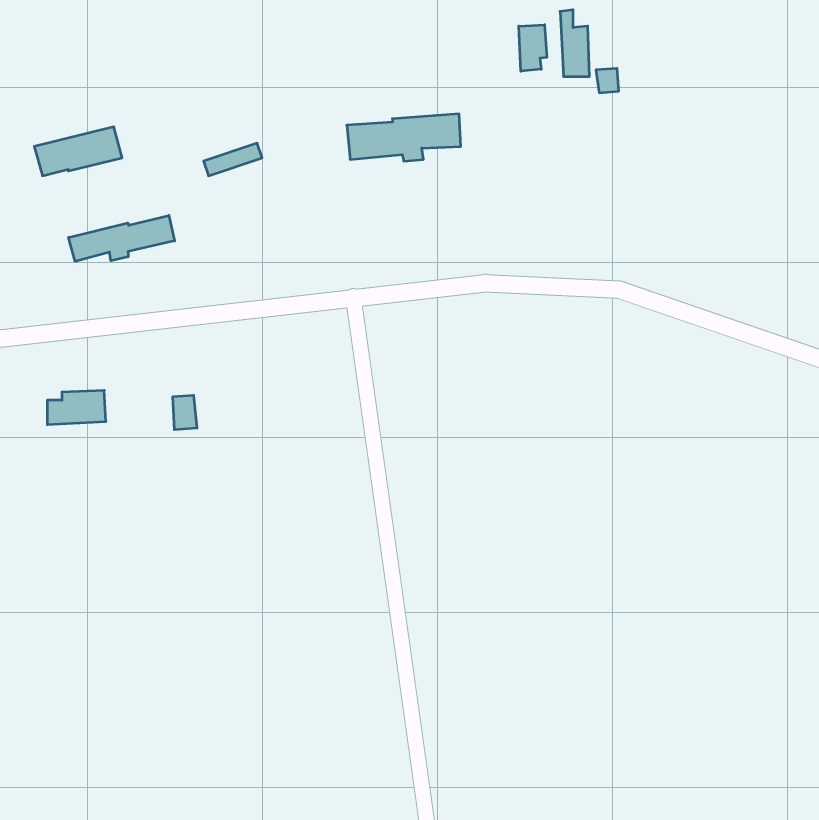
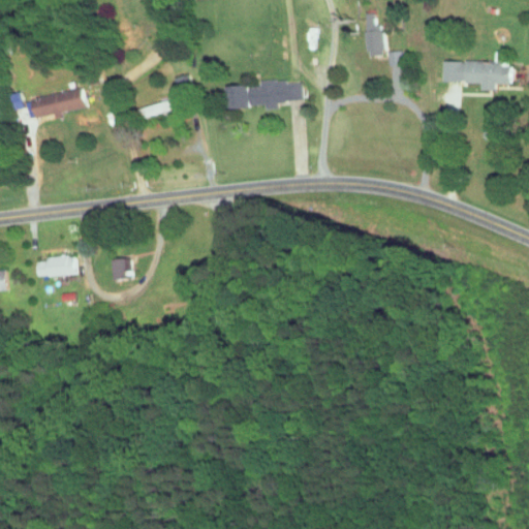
building: [519,25,547,71] -> none
building: none -> [441,53,511,90]
building: [69,215,175,261] -> none

